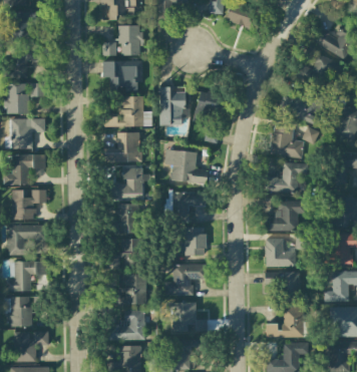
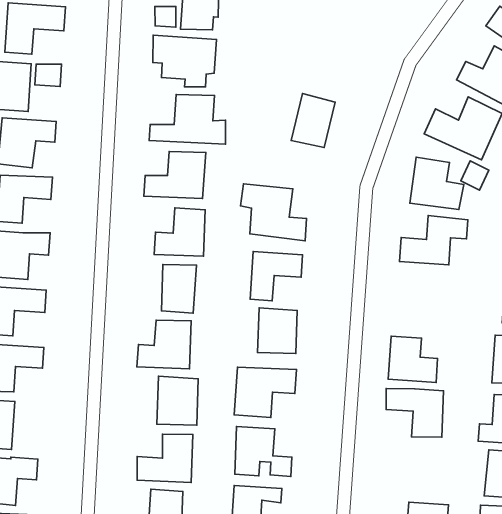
building: [160,87,185,125] -> none
building: [265,201,307,232] -> none
building: [266,307,304,338] -> none

